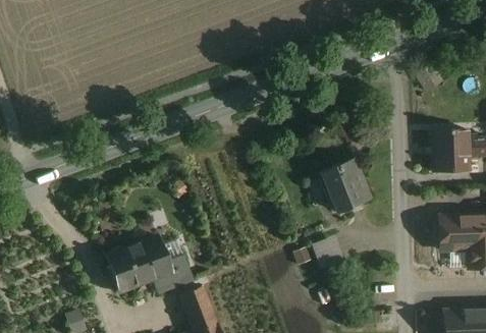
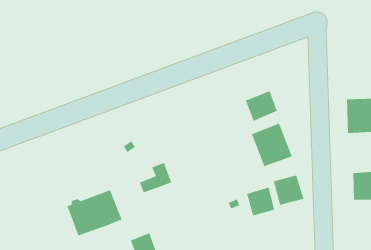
building: none -> [245,90,278,122]
building: none -> [273,175,304,206]
building: [155,256,194,292] -> [139,162,172,194]

